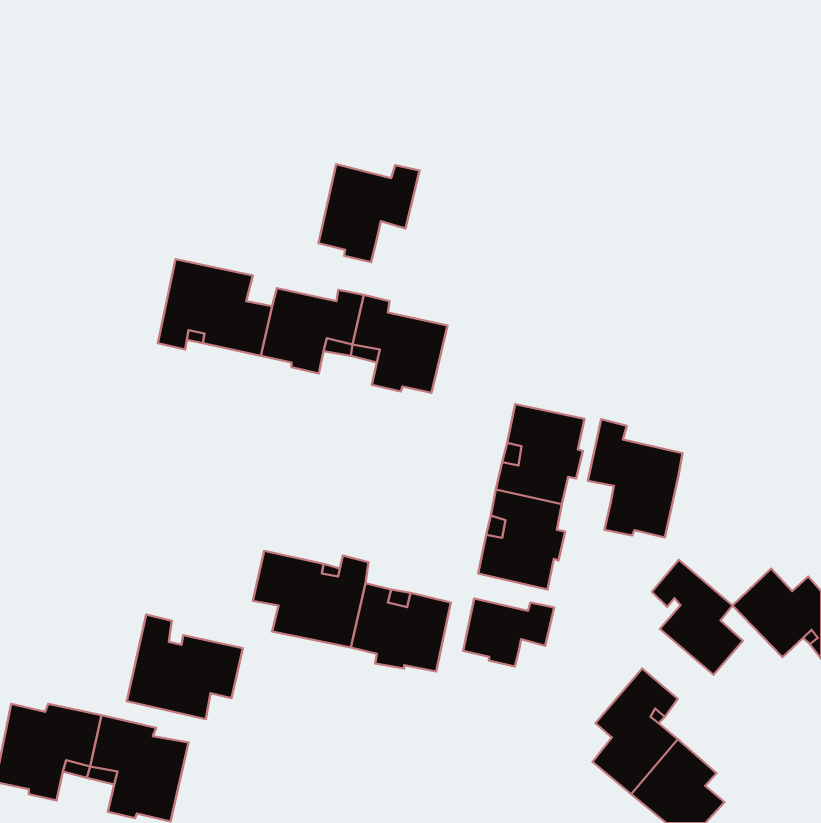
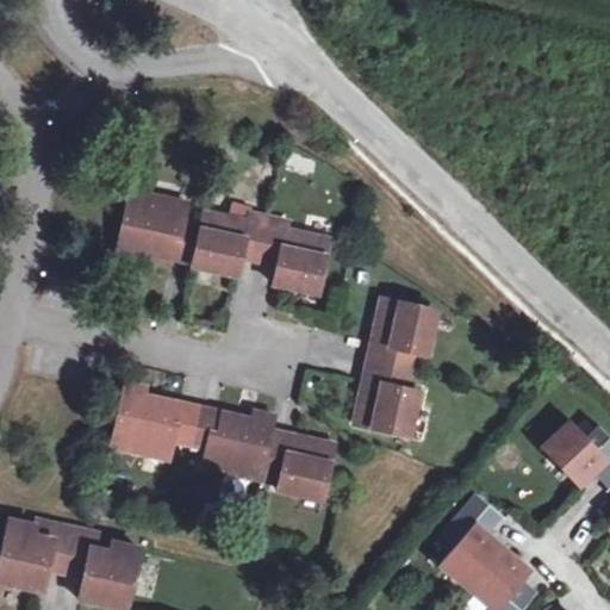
building: [318,164,419,262] -> none
building: [588,419,683,537] -> none
building: [652,560,743,675] -> none
building: [463,598,554,667] -> none
building: [127,614,243,719] -> [110,382,195,460]

